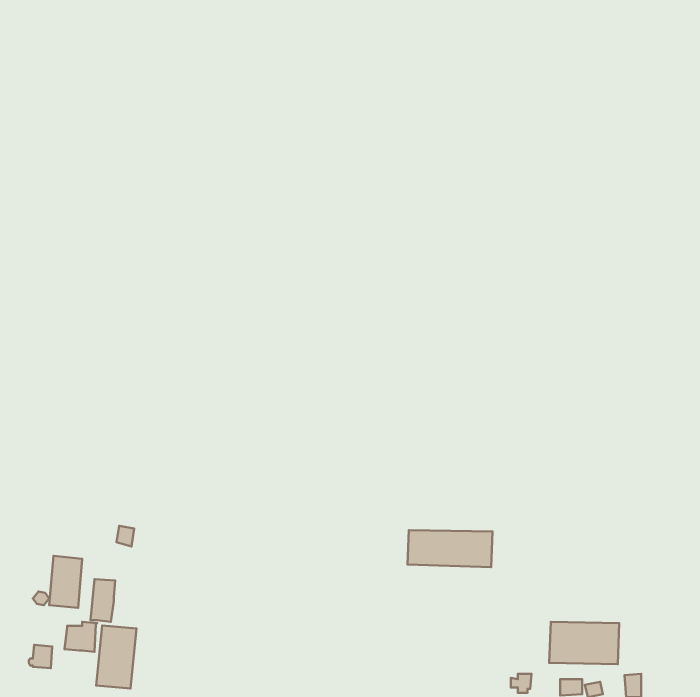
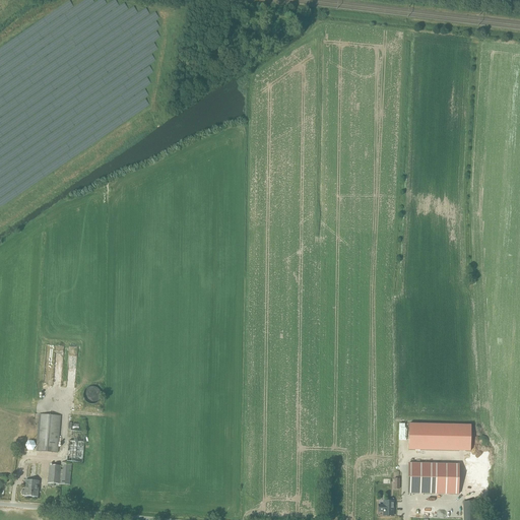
building: [408,530,493,567] -> [408,422,471,450]
building: [96,626,137,688] -> none

